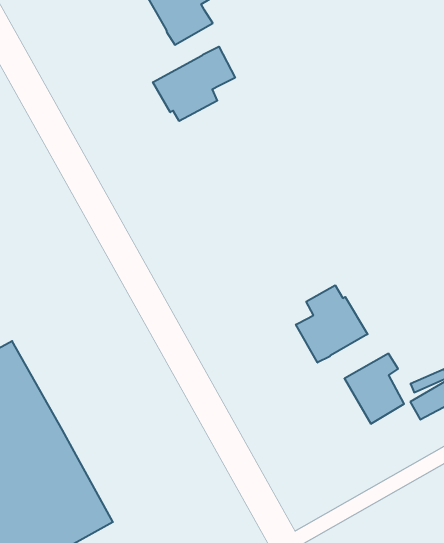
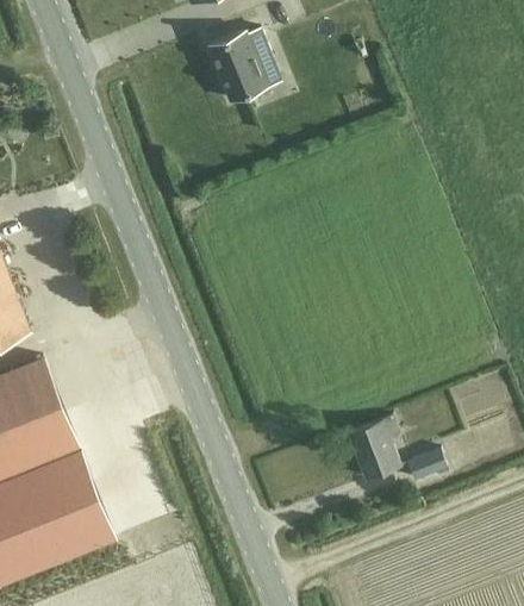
building: [153,47,235,121] -> none
building: [296,285,368,363] -> none

